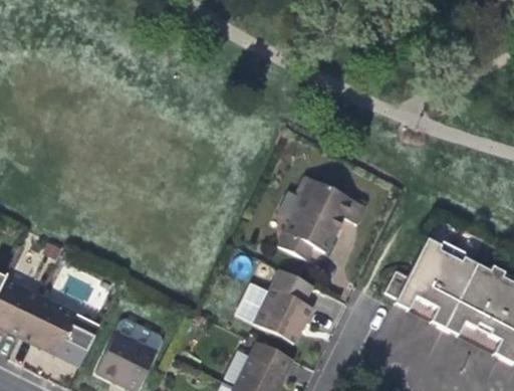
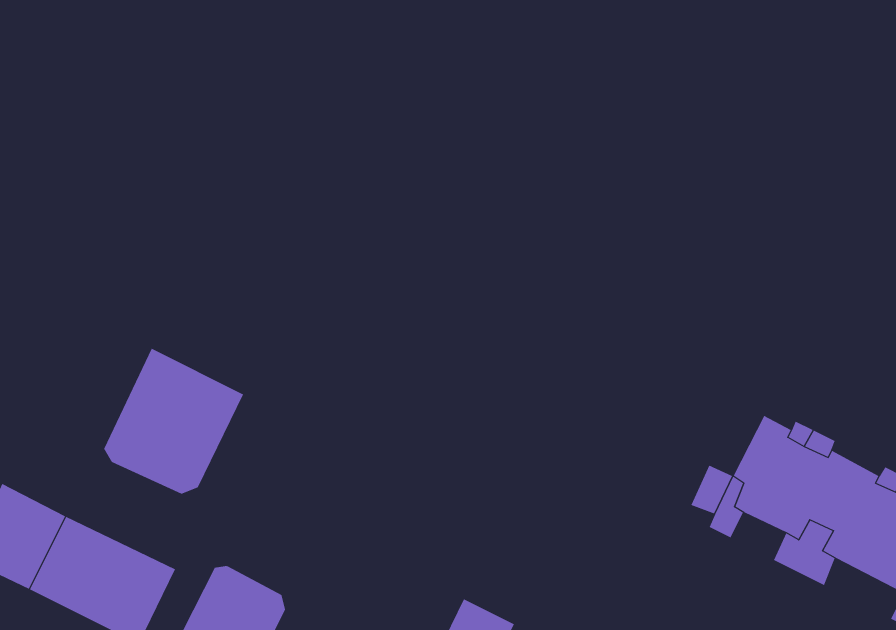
building: [277,179,363,260] -> none
building: none -> [103,348,244,494]
building: [235,269,312,345] -> none

